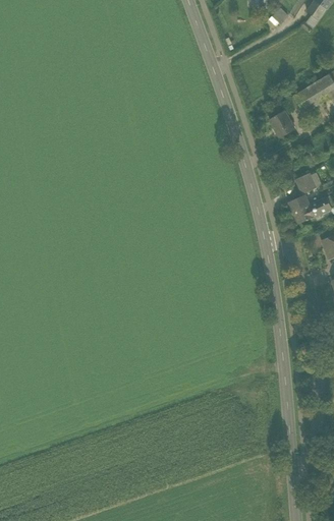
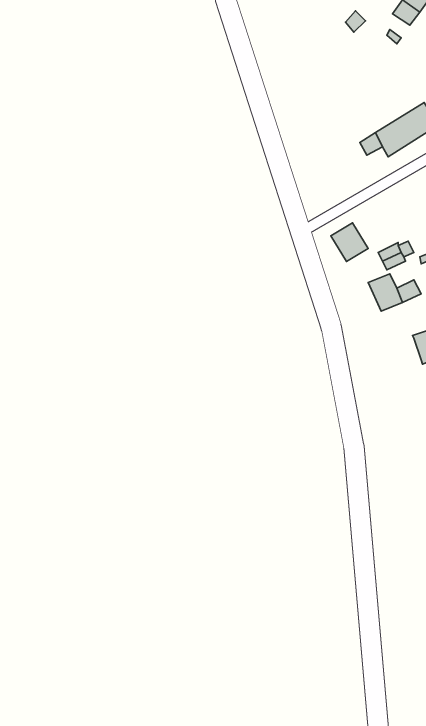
building: [269,110,295,137] -> [331,223,368,261]

